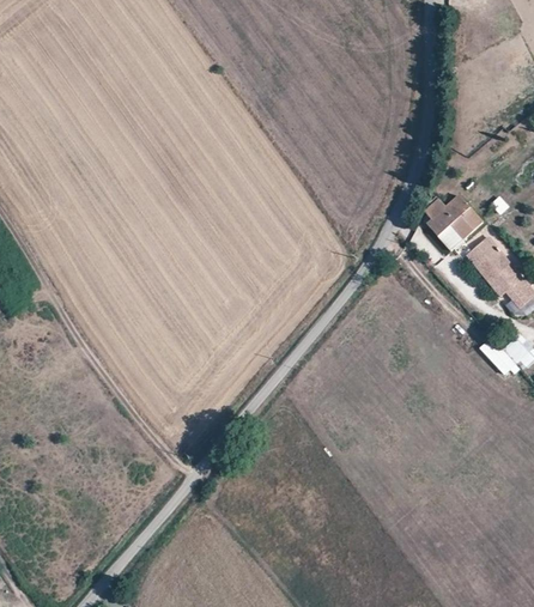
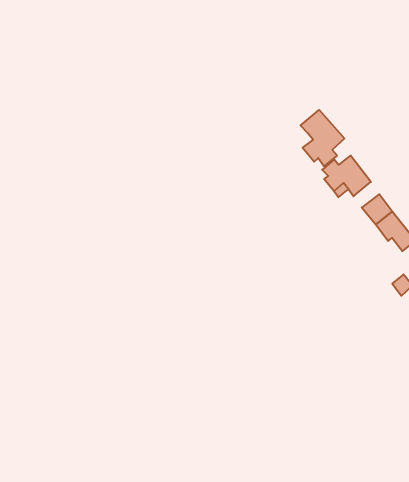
building: none -> [301,110,344,166]

